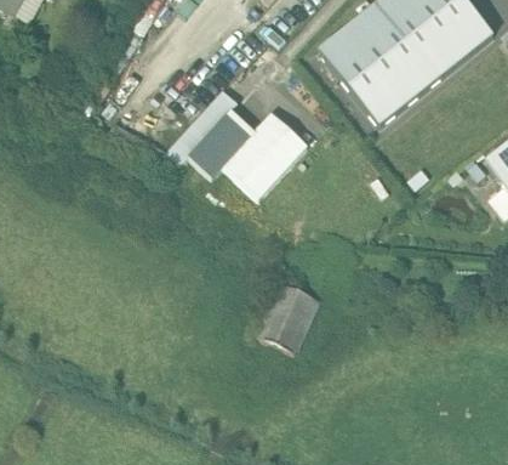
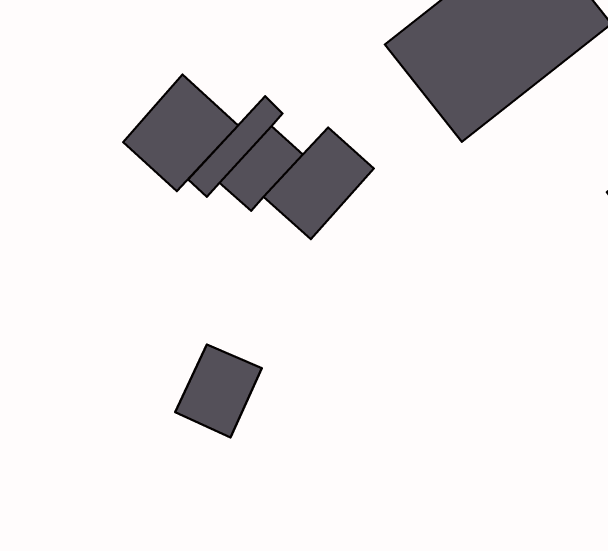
building: none -> [123,74,238,191]
building: [256,282,323,353] -> [175,345,262,437]

